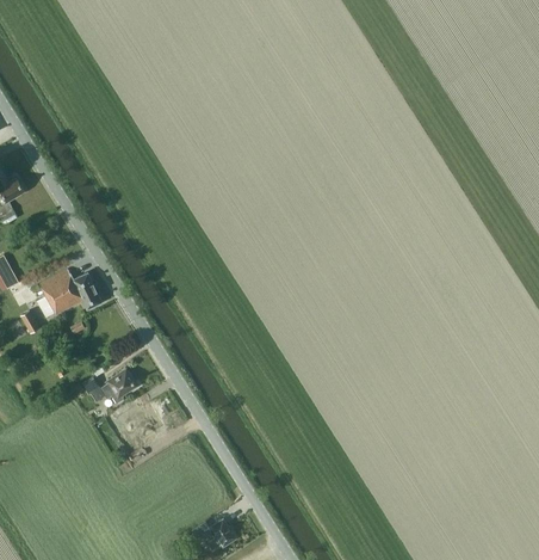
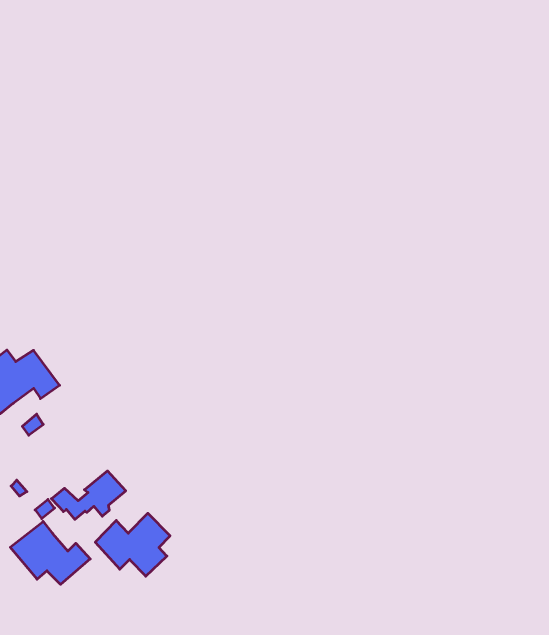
building: none -> [10,521,90,584]

